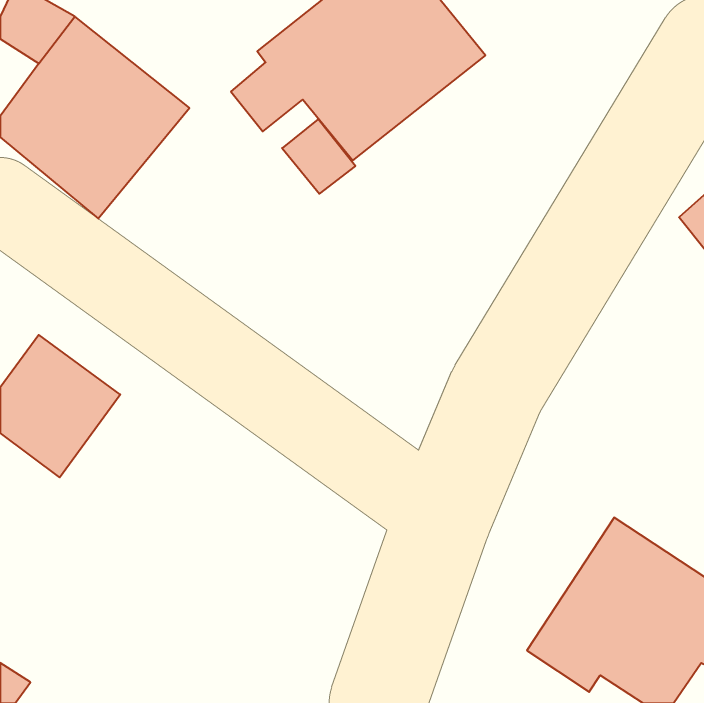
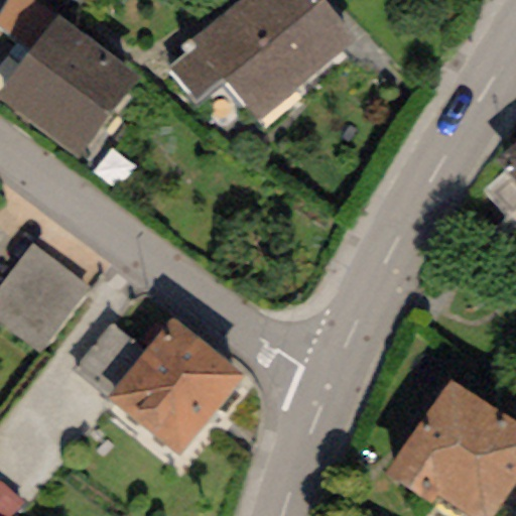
building: none -> [109,315,245,453]

